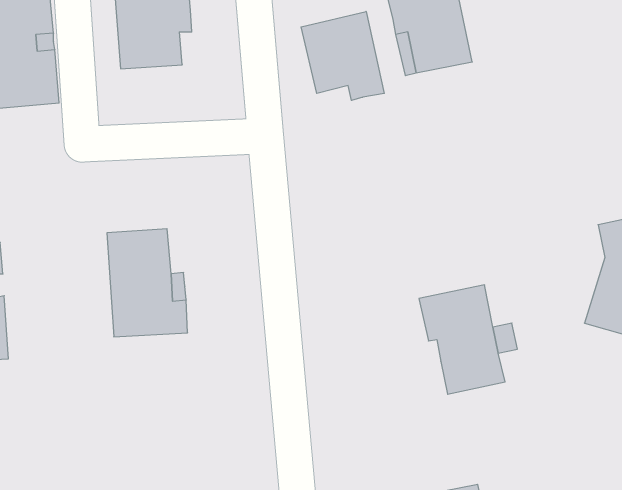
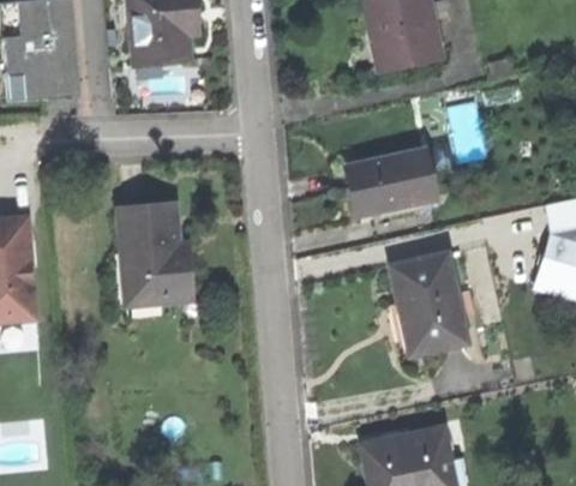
building: [301,11,384,100] -> none
building: none -> [347,151,433,216]

